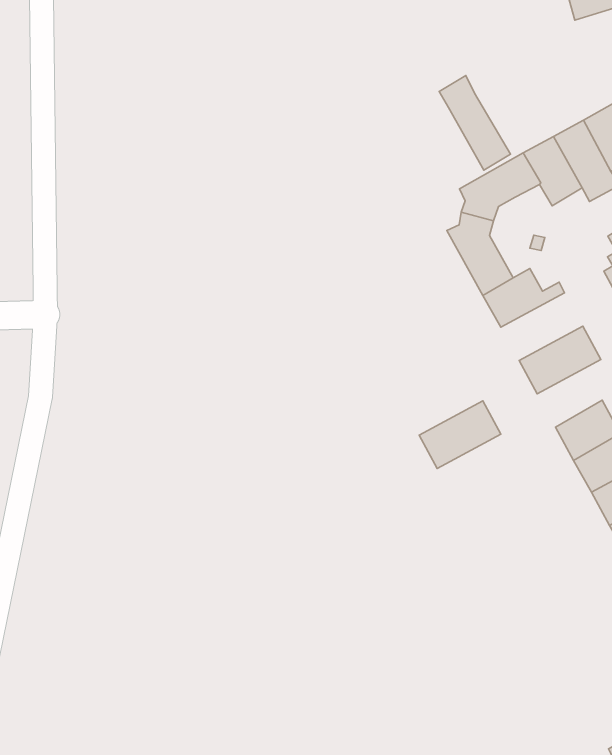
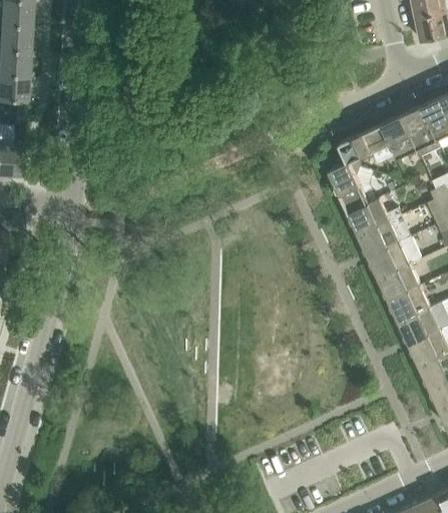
building: [439,76,511,170] -> none
building: none -> [380,265,421,301]
building: [419,401,501,468] -> [360,215,412,256]

